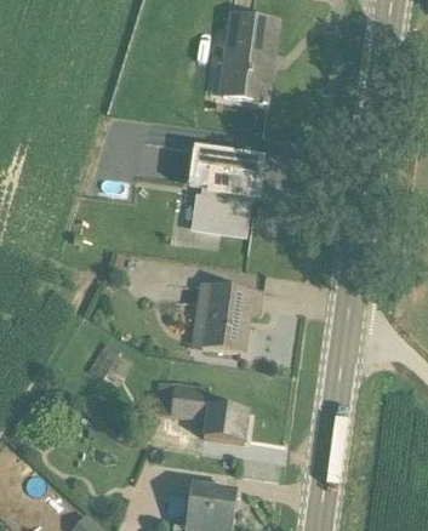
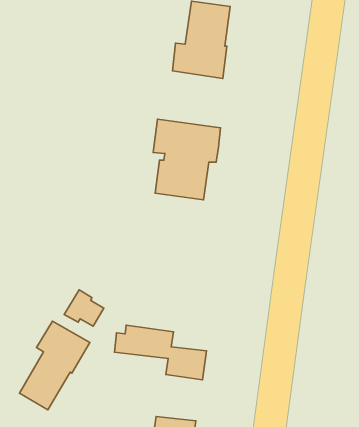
building: [190,282,263,353] -> none
building: none -> [20,321,90,410]

